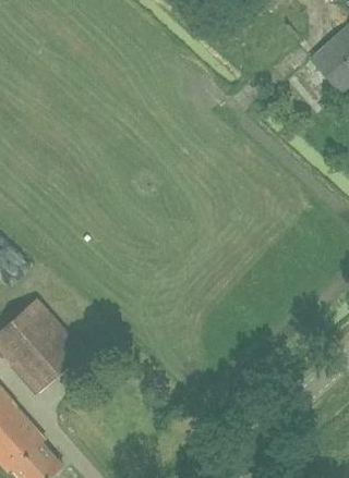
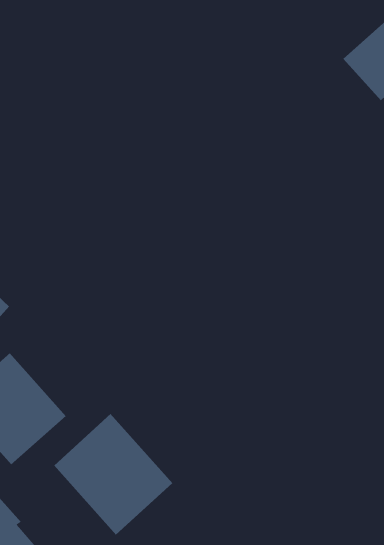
building: none -> [53,413,173,535]

